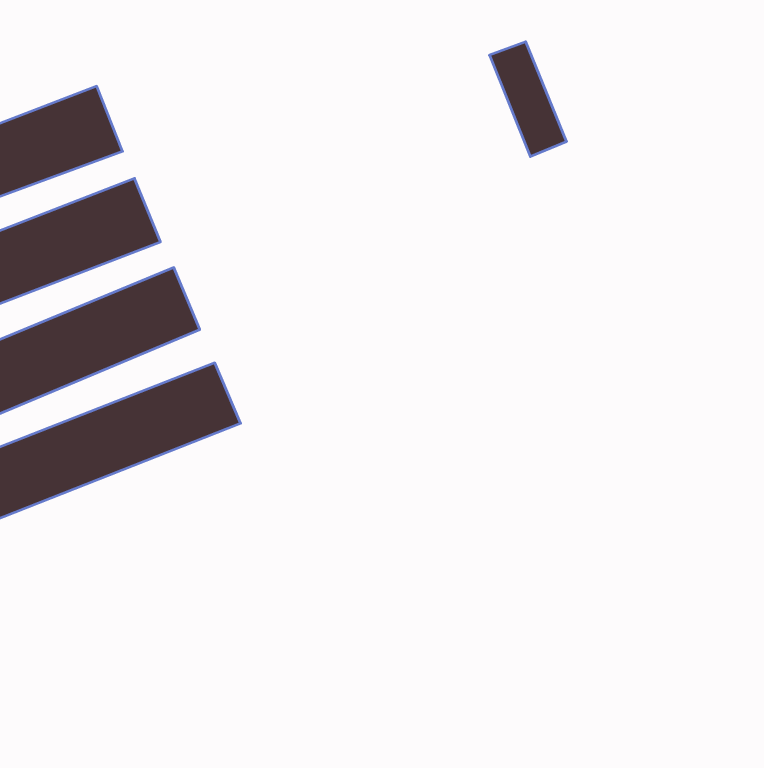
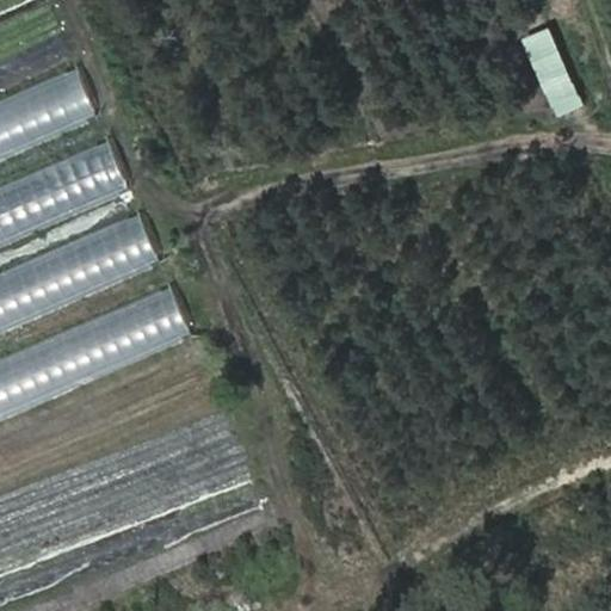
building: [489,42,567,157] -> [519,27,580,118]

